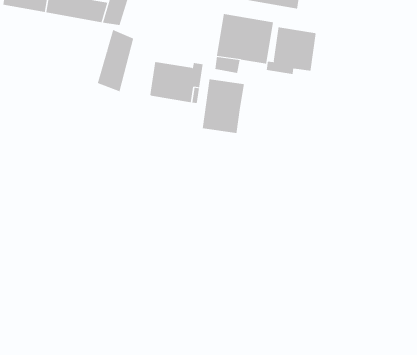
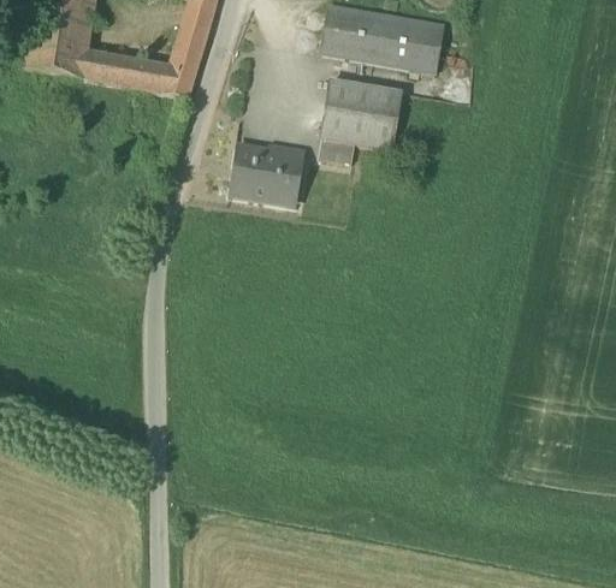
building: [266,27,317,75] -> none
building: [97,29,134,92] -> none
building: [202,79,244,134] -> none

